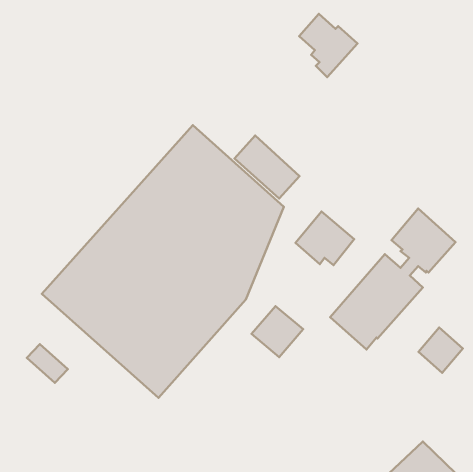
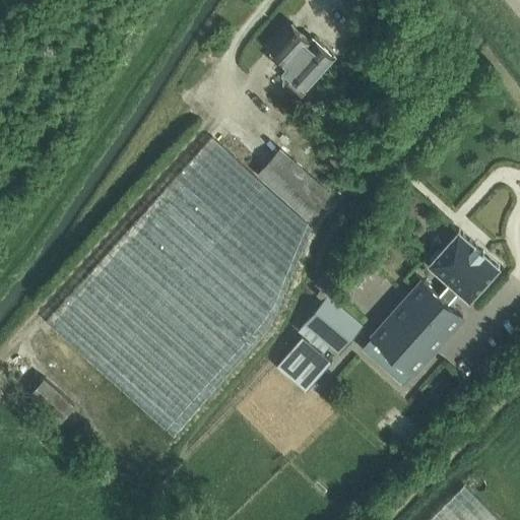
building: [299,14,358,77] -> [270,25,334,94]
building: [296,211,354,265] -> [298,297,362,355]
building: [418,328,463,373] -> none

